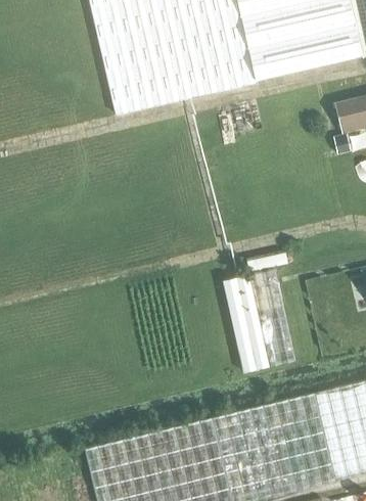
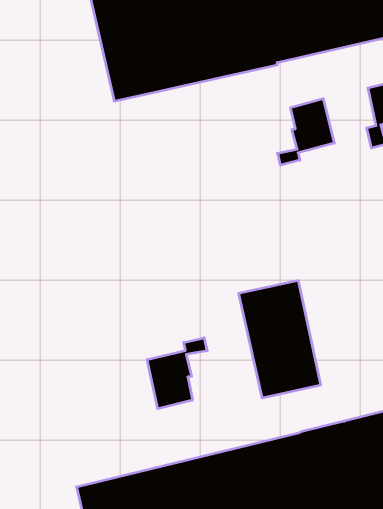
building: none -> [277,99,334,165]
building: none -> [147,338,207,409]

